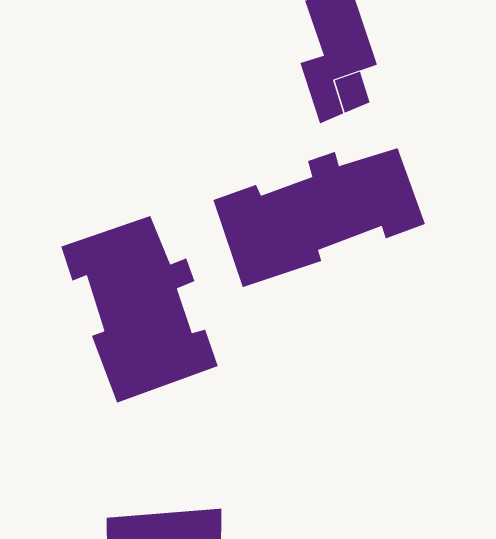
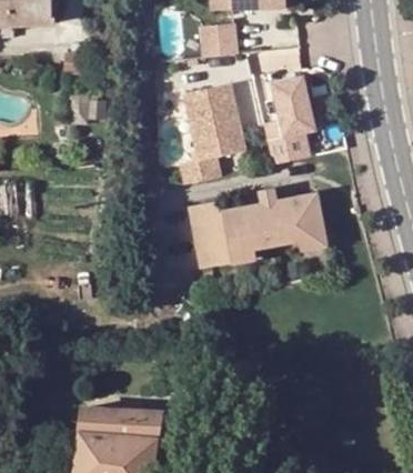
building: none -> [179,82,243,184]
building: [61,215,219,403] -> none

